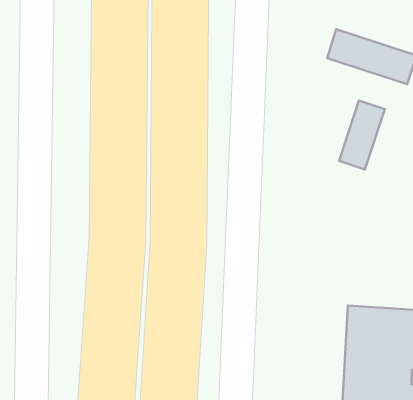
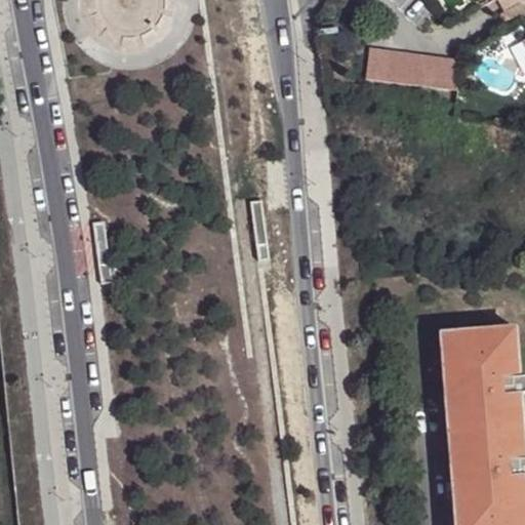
building: [339,100,385,170] -> none

